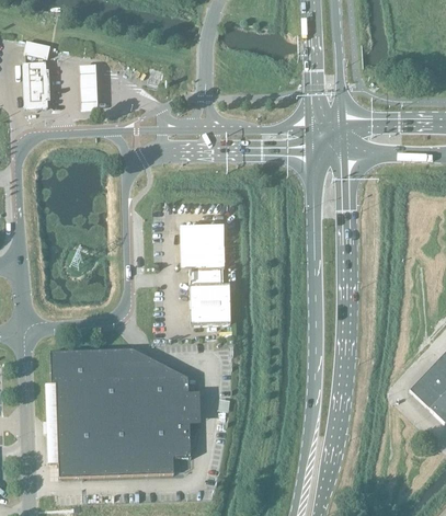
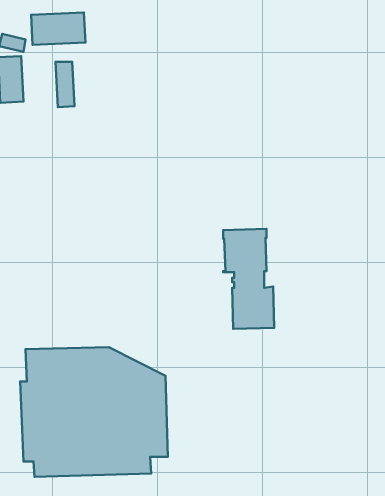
building: none -> [31,12,85,45]
building: [181,226,231,324] -> [223,229,274,329]

